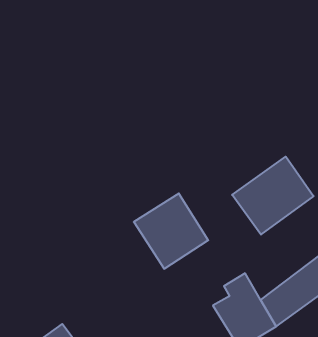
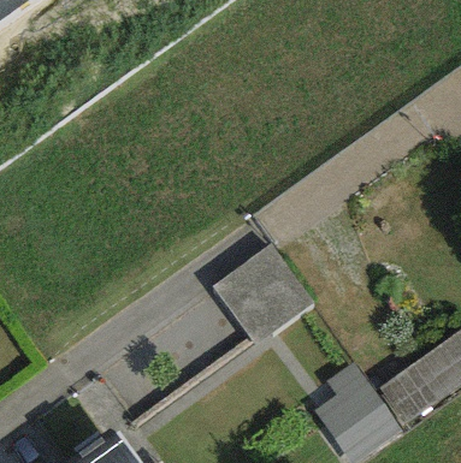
building: [232,157,314,235] -> none

